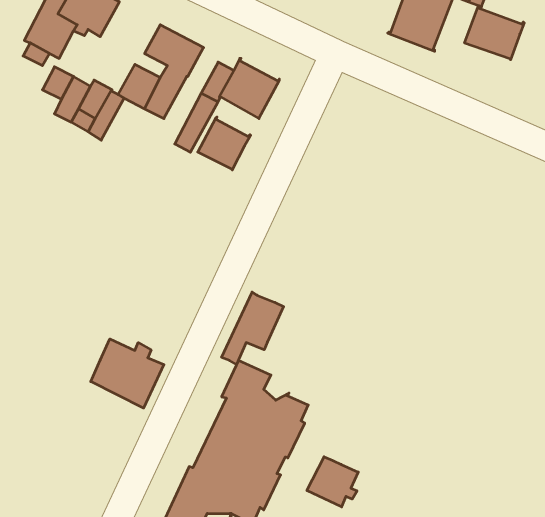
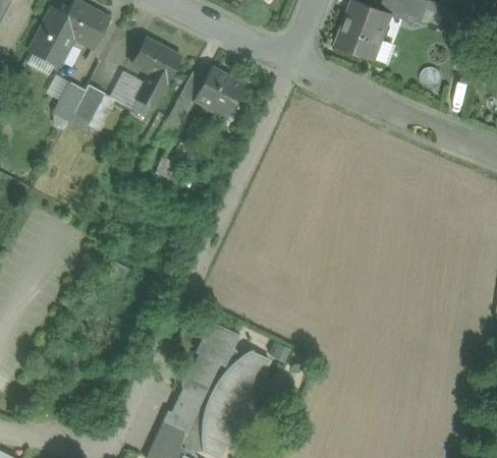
building: [465,6,524,60] -> none
building: [198,117,251,170] -> none
building: [222,292,284,365] -> none
building: [91,339,164,408] -> none
building: [307,457,358,507] -> none

